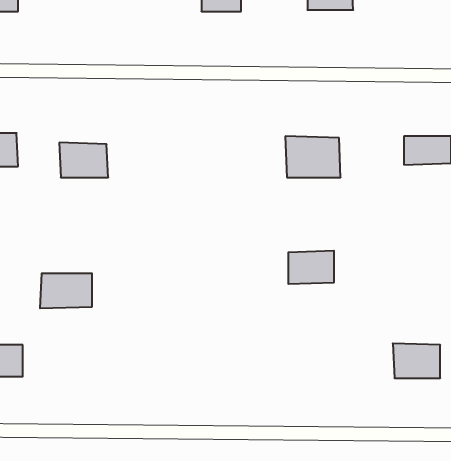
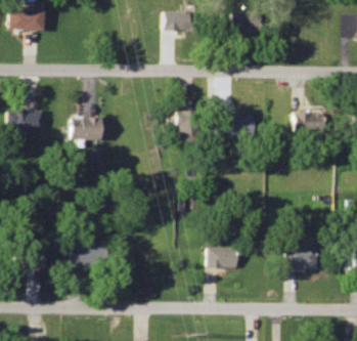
building: none -> [177,110,199,142]
building: [288,251,334,284] -> [208,247,237,268]
building: [40,273,92,308] -> [71,245,104,267]

